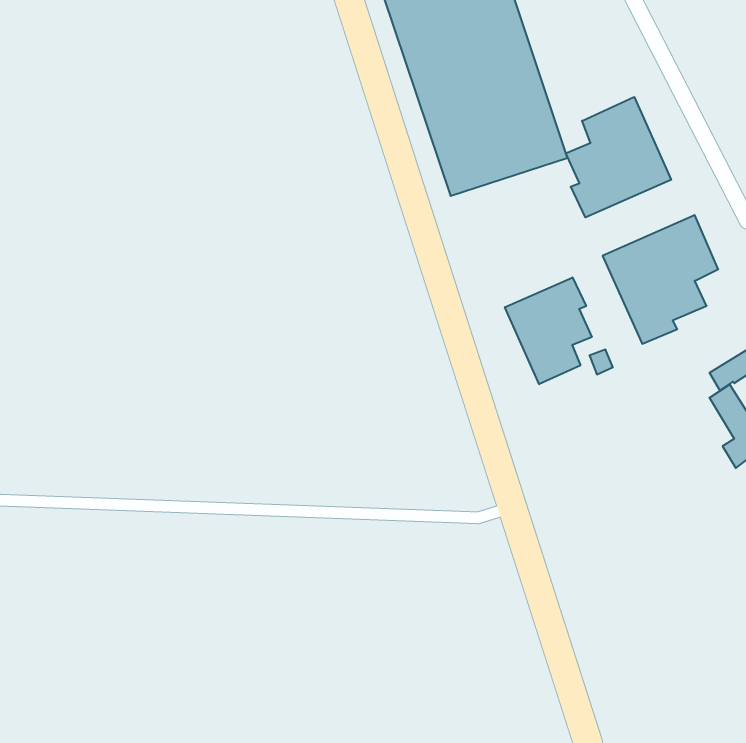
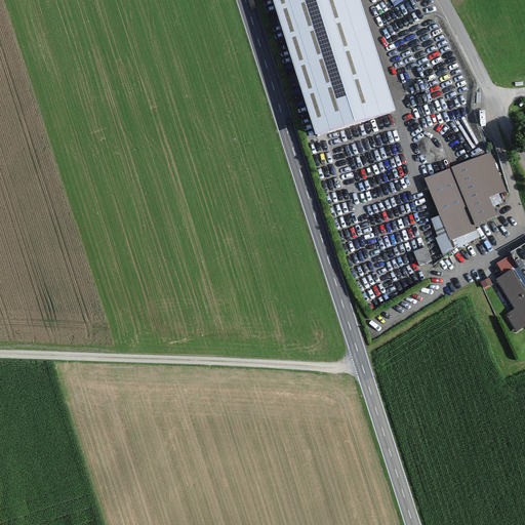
building: [566,97,671,217] -> none
building: [505,277,592,384] -> none

